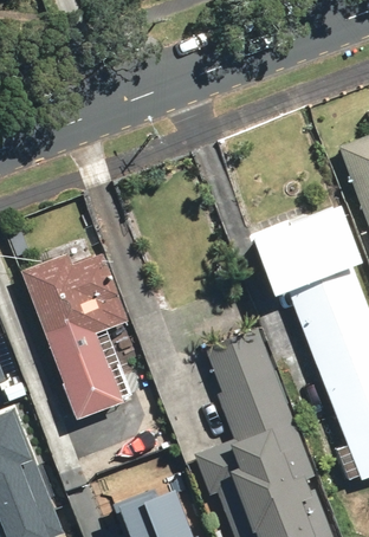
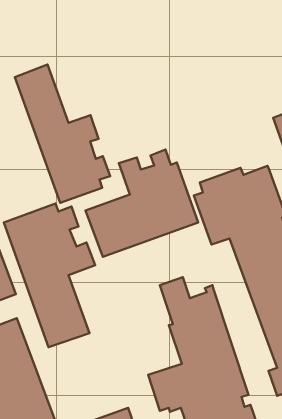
building: none -> [15,65,110,203]
building: none -> [85,150,198,257]

